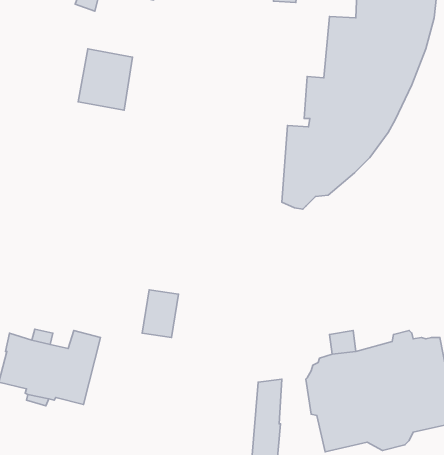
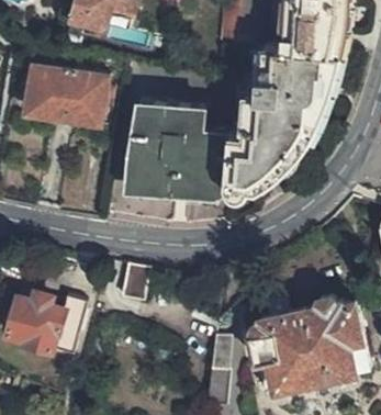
building: none -> [31,67,77,115]
building: none -> [132,104,234,199]

